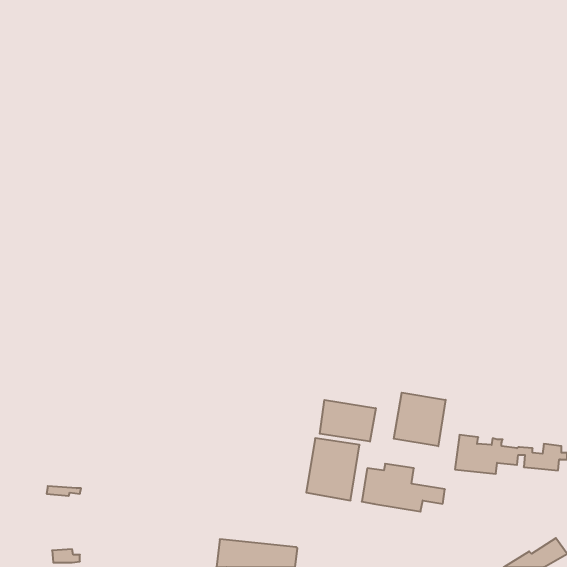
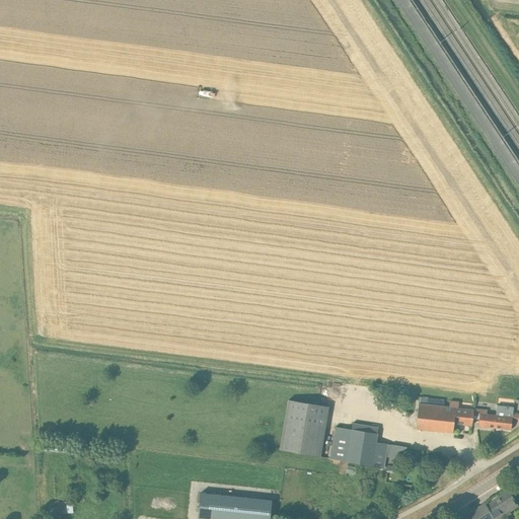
building: [394,393,446,446] -> none
building: [320,400,376,442] -> none

